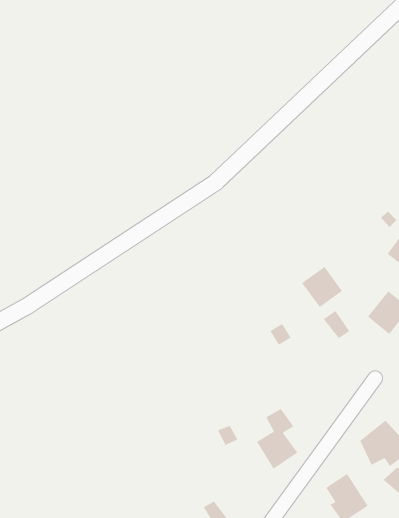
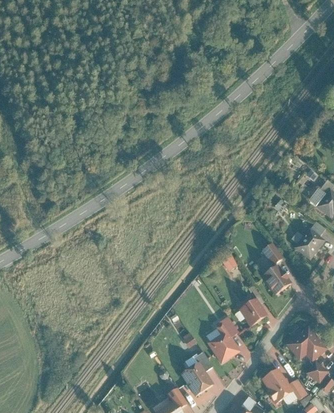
building: [301,266,343,308] -> [261,262,293,294]
building: none -> [238,296,268,326]
building: none -> [182,351,215,396]

